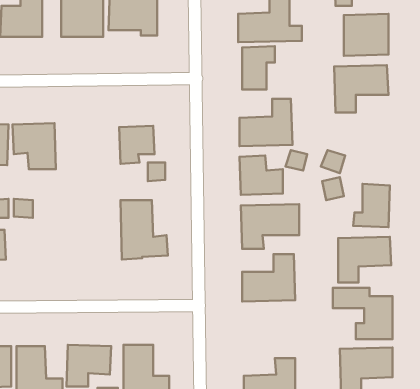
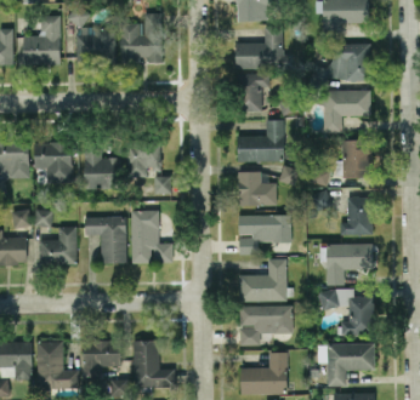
building: none -> [341,141,371,179]
building: none -> [83,148,120,189]
building: none -> [84,217,126,264]
building: none -> [39,228,76,264]
building: none -> [238,305,293,345]

